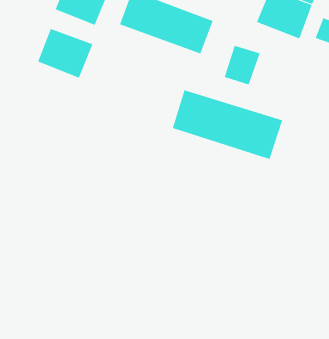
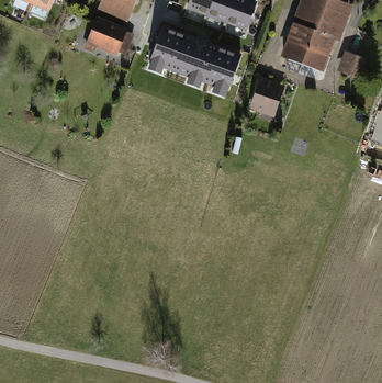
building: [37,28,93,79] -> none
building: [172,89,283,160] -> none

